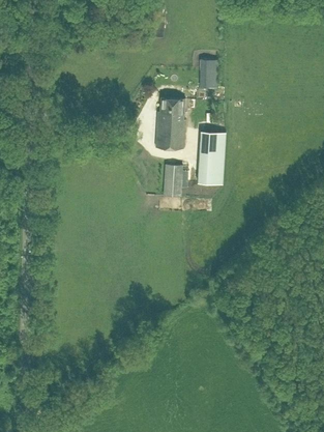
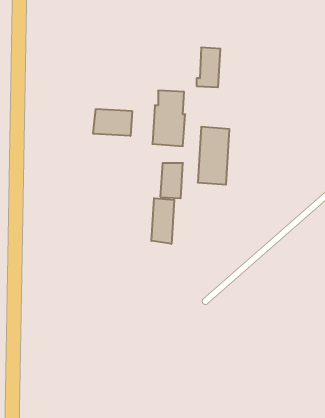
building: none -> [93,109,132,136]
building: none -> [151,198,174,244]

